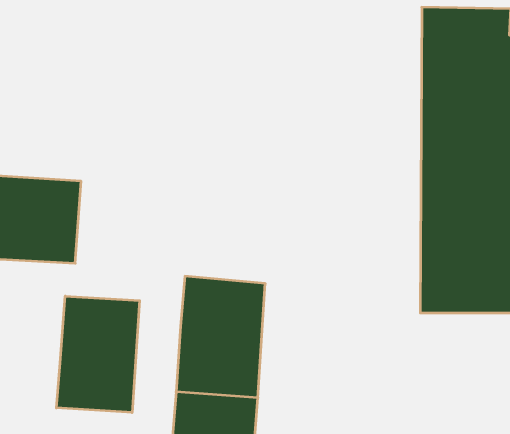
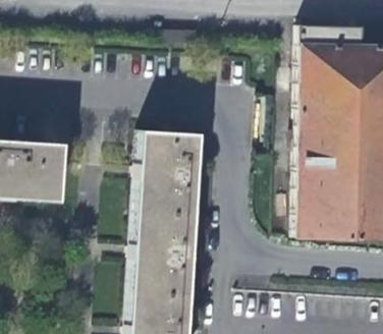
building: none -> [139,129,201,215]
building: [56,296,140,413] -> none

